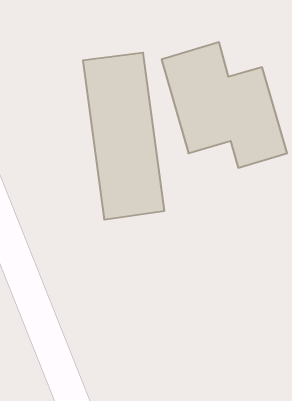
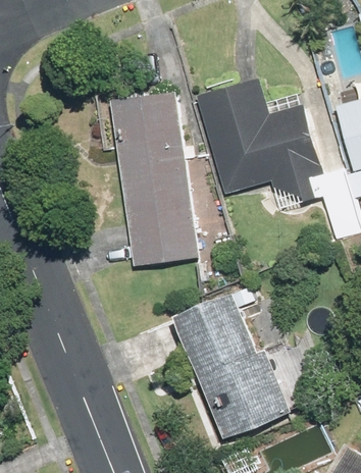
building: none -> [175,290,290,436]

